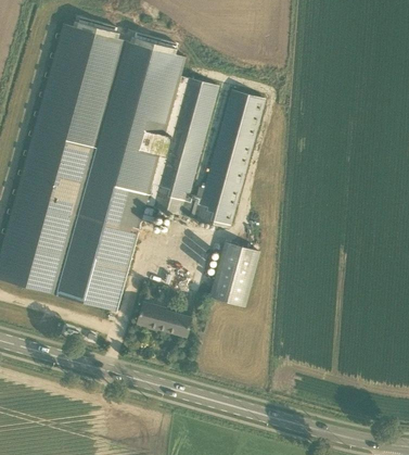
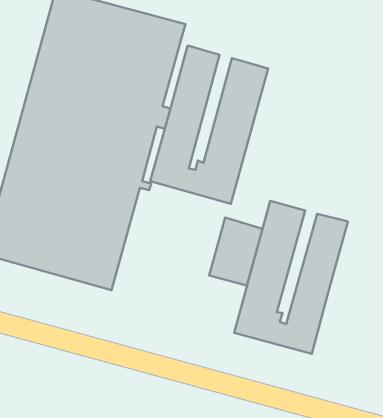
building: none -> [234,201,348,354]
building: [138,302,193,337] -> none

